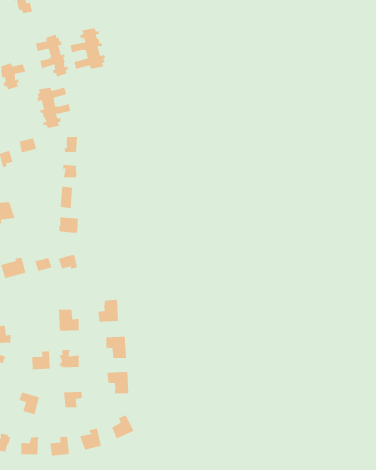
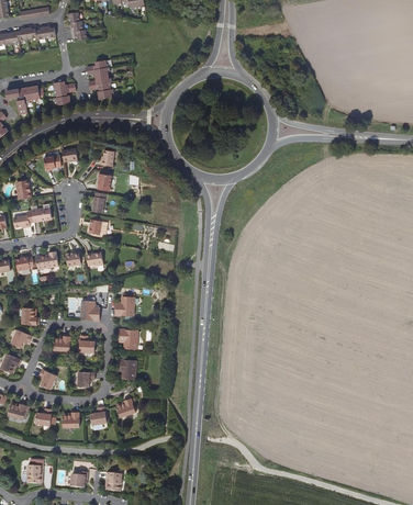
building: [69,28,106,70] -> none
building: [36,87,71,129] -> none

